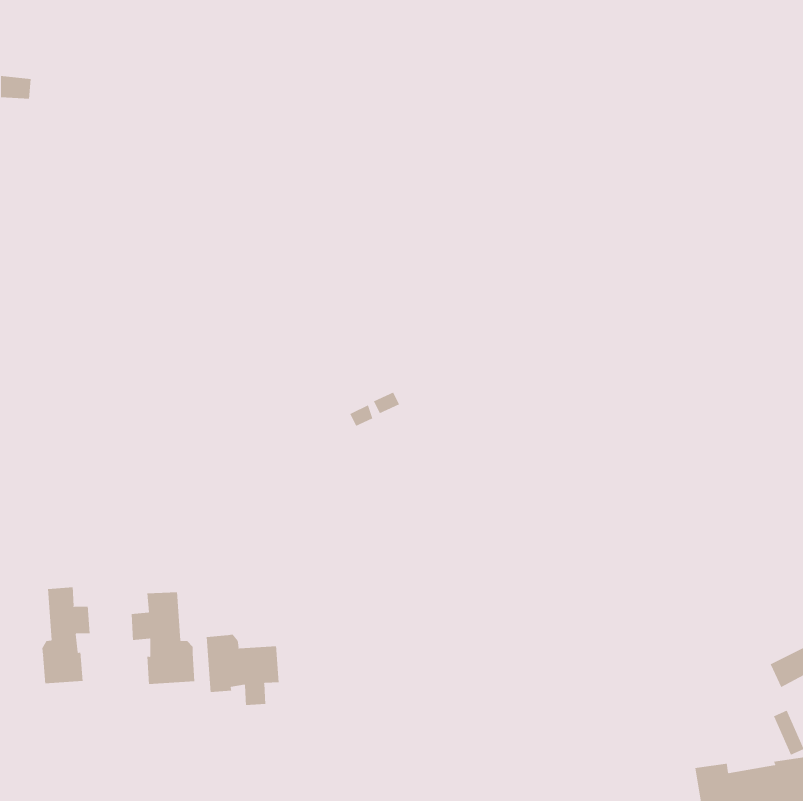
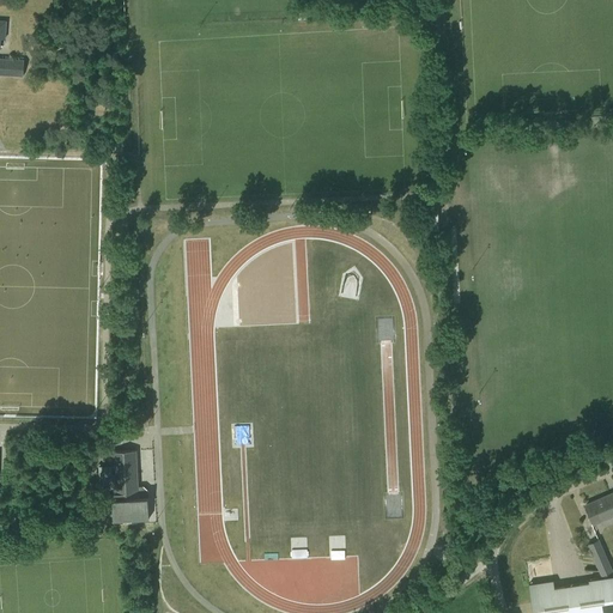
building: [42,586,90,684] -> none
building: [206,634,279,706] -> none

